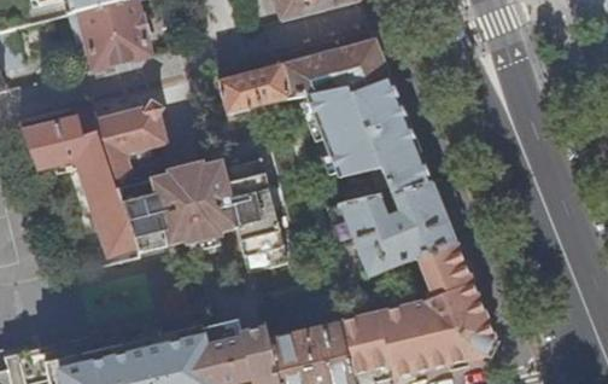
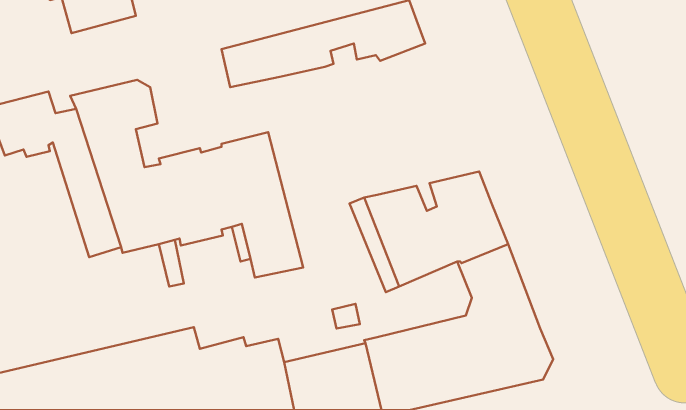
building: [304,76,432,202] -> none

